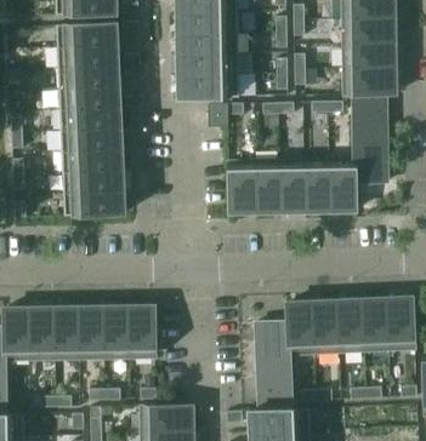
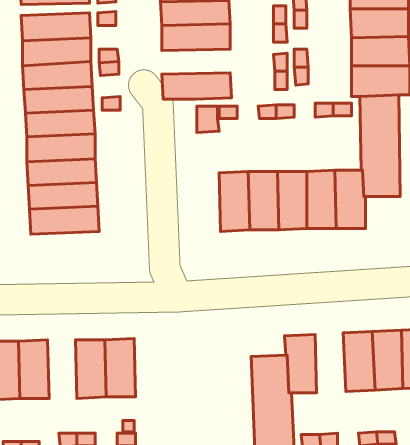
building: [178,53,238,75] -> none
building: [312,300,339,353] -> none
building: [79,307,104,357] -> none

